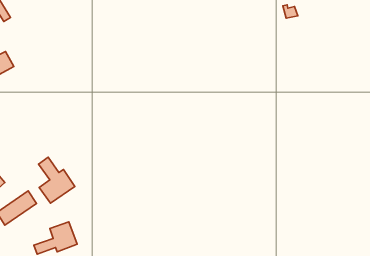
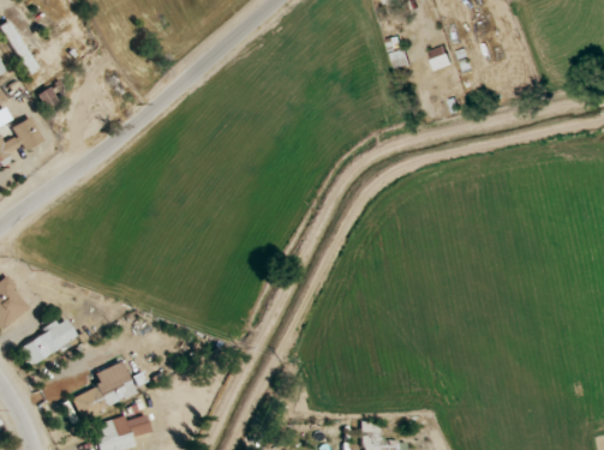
building: [38,157,75,203] -> none

